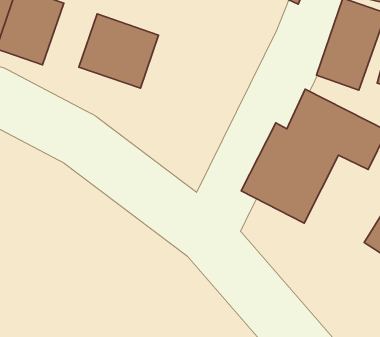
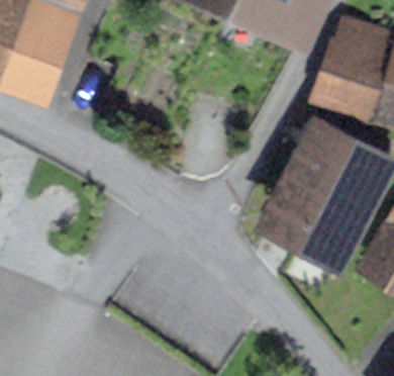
building: [79,14,159,88] -> none

